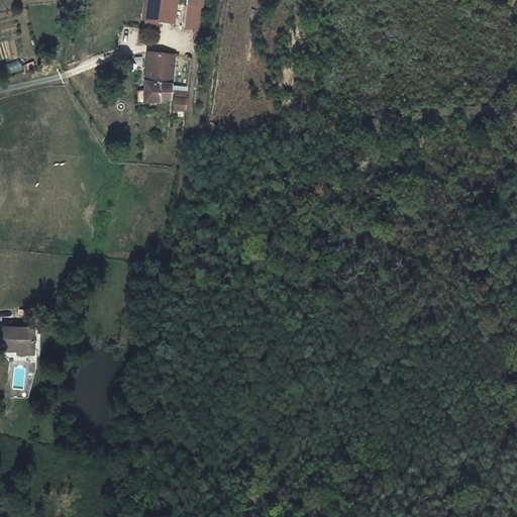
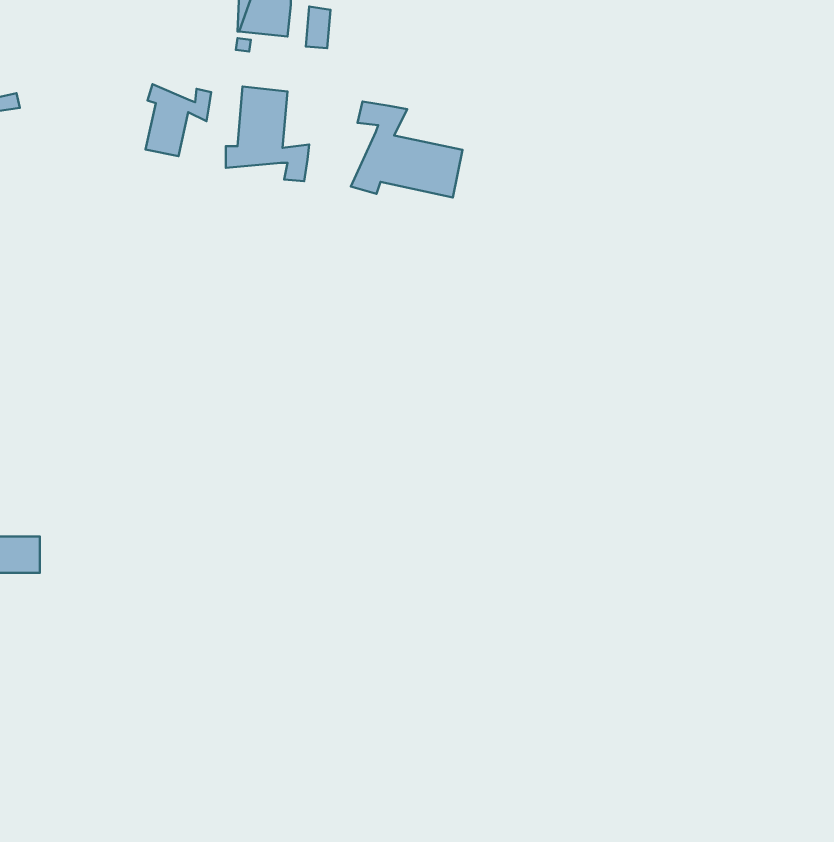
building: none -> [145,84,211,156]
building: none -> [351,102,462,198]

